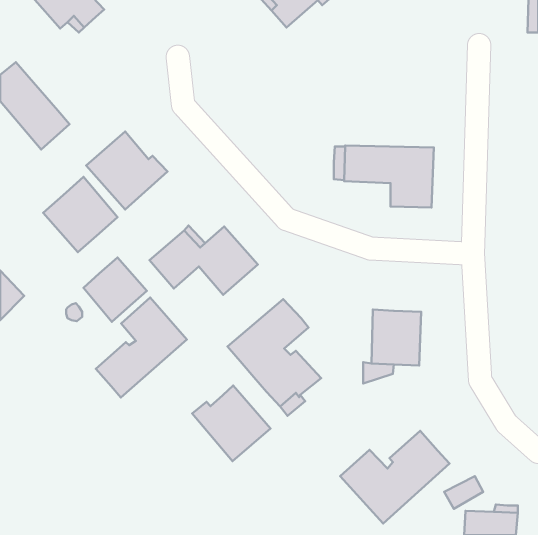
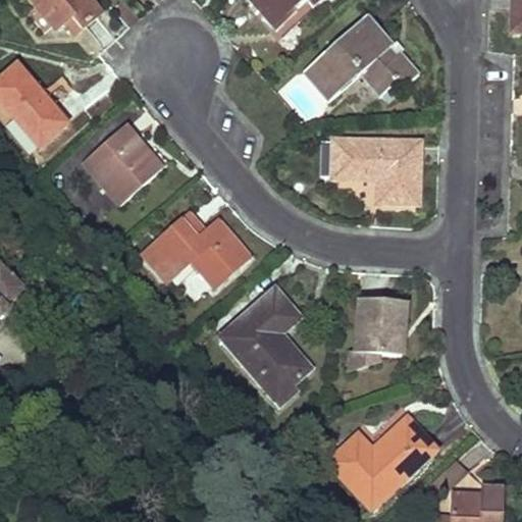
building: none -> [305,13,418,98]
building: [43,177,118,252] -> none
building: [83,258,147,322] -> none
building: [96,298,187,397] -> none
building: [192,386,271,461] -> none

